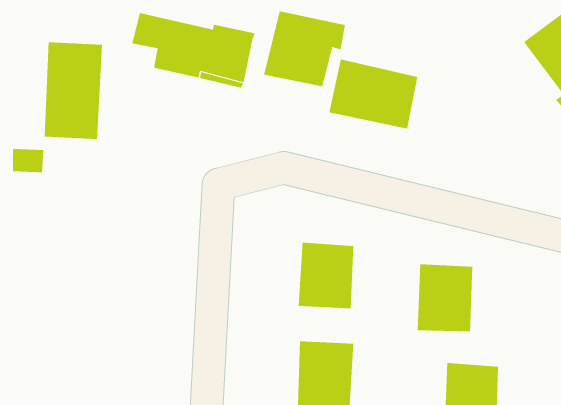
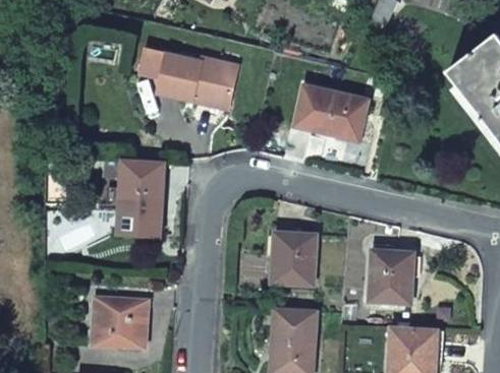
building: [264,11,345,87] -> none
building: [44,42,103,139] -> [116,159,163,236]
building: none -> [94,295,147,346]

